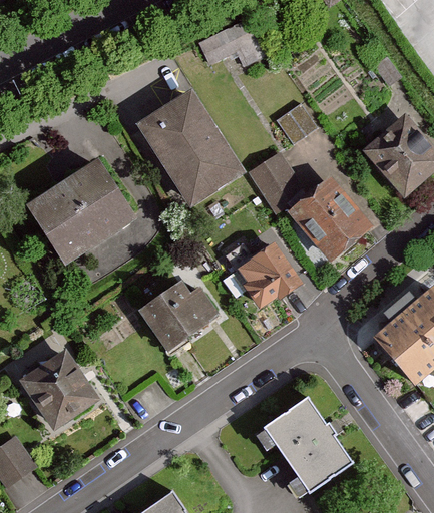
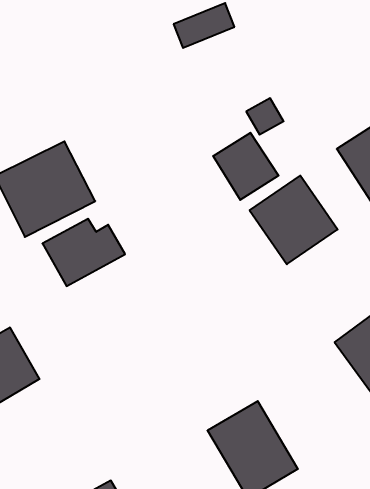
building: [140,93,245,206] -> none
building: [238,243,302,312] -> none
building: [136,283,218,350] -> [42,219,125,286]

